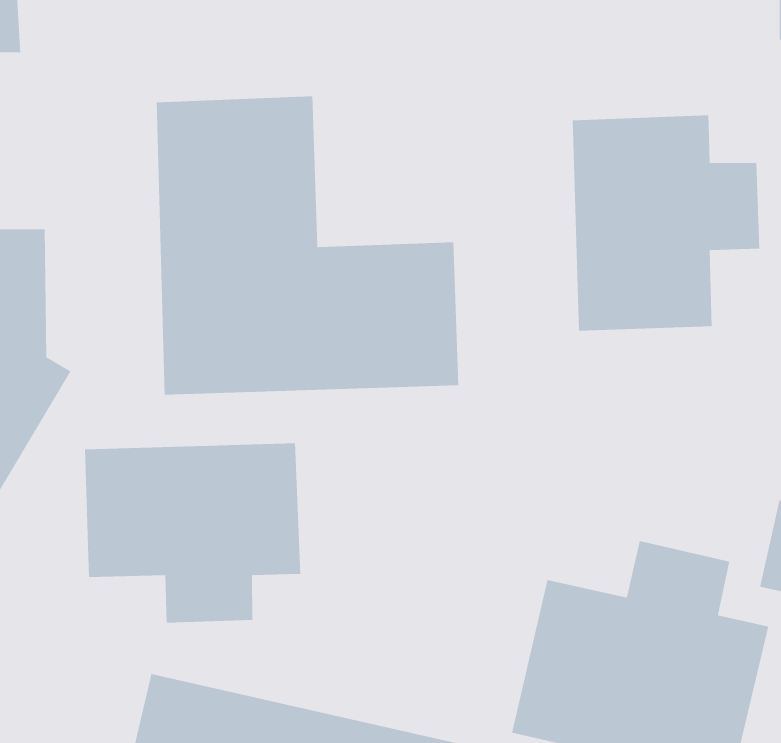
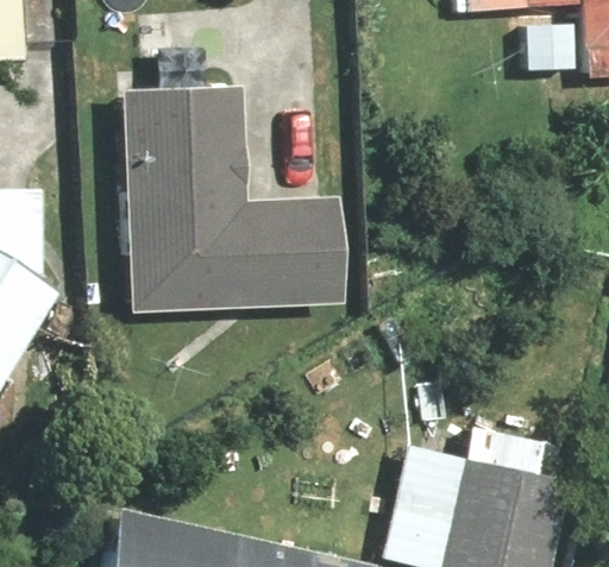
building: [572,114,760,331] -> none
building: [84,443,301,623] -> none

